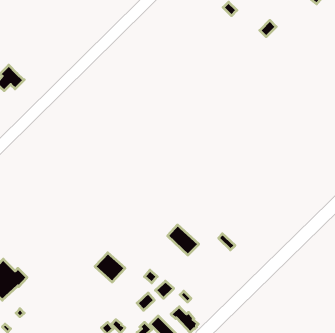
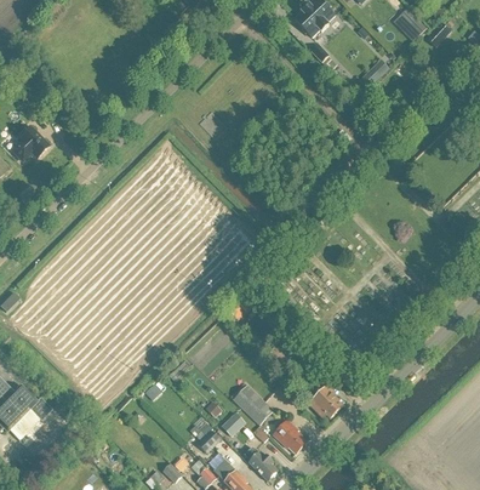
building: [168,225,199,255] -> [233,383,274,423]
building: none -> [305,384,342,417]
building: none -> [272,417,307,452]

